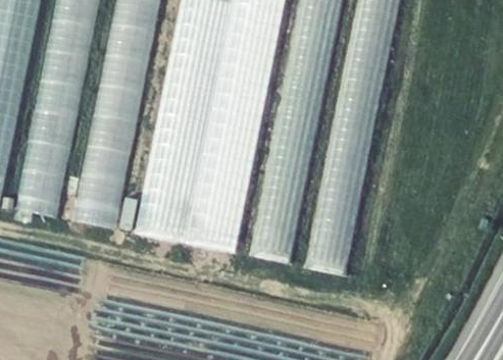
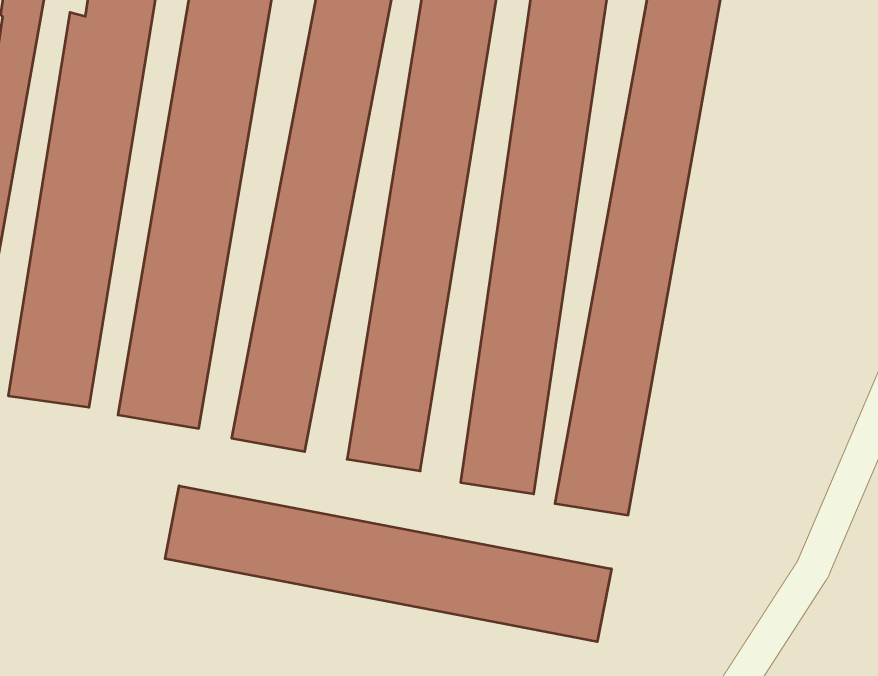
building: none -> [165,486,611,642]

